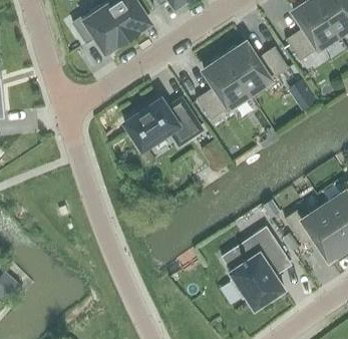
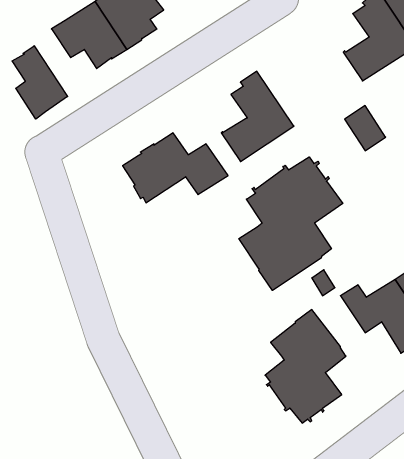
building: none -> [12,46,68,119]
building: [223,42,289,93] -> none
building: none -> [239,157,343,290]

